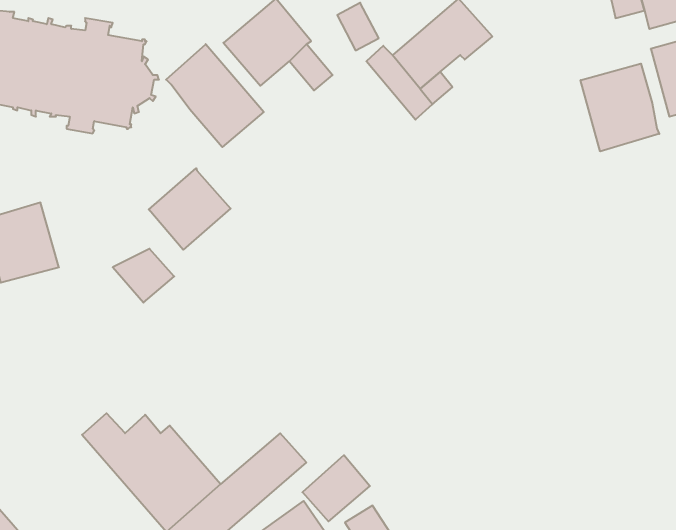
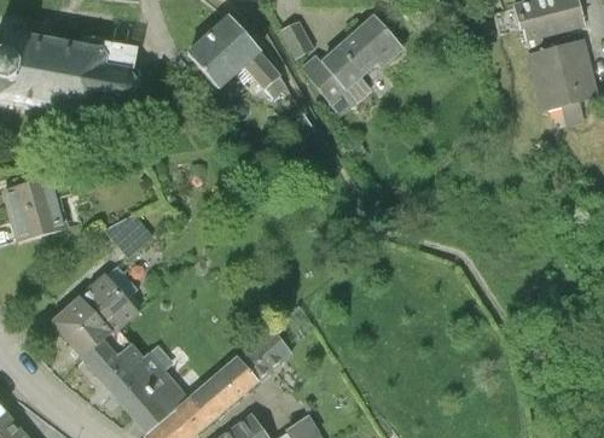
building: [166,44,264,147] -> none
building: [581,64,659,151] -> none
building: [149,168,231,250] -> none
building: none -> [48,278,133,360]
building: [302,455,370,521] -> [234,329,288,381]

